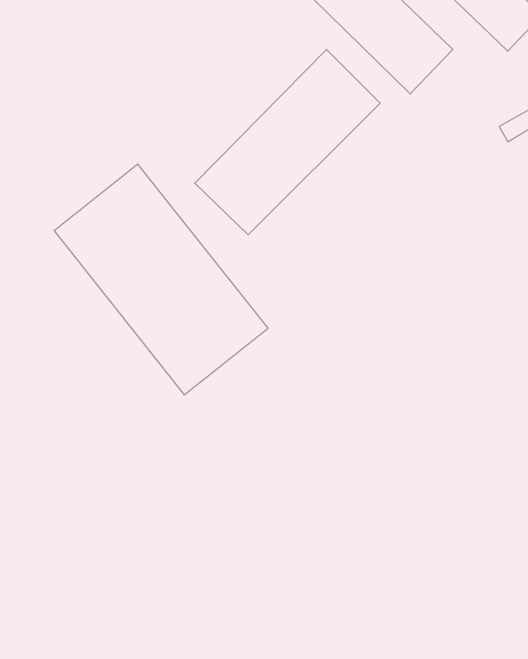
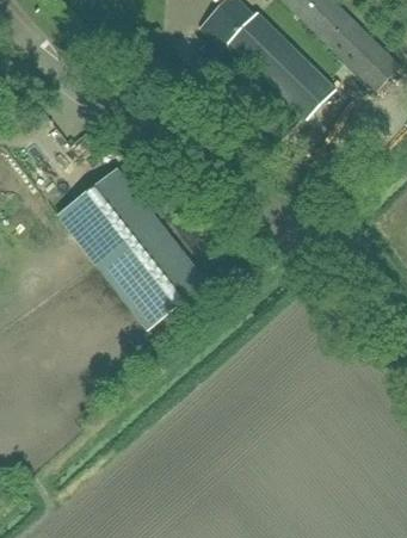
building: [195,49,380,235] -> none

